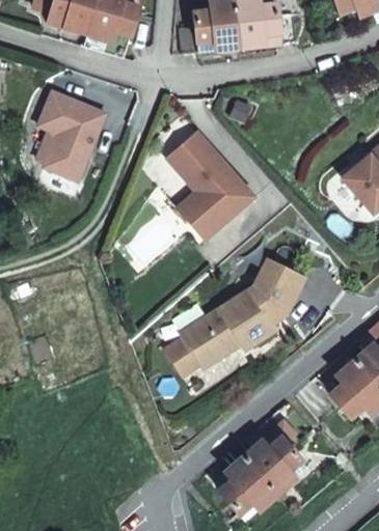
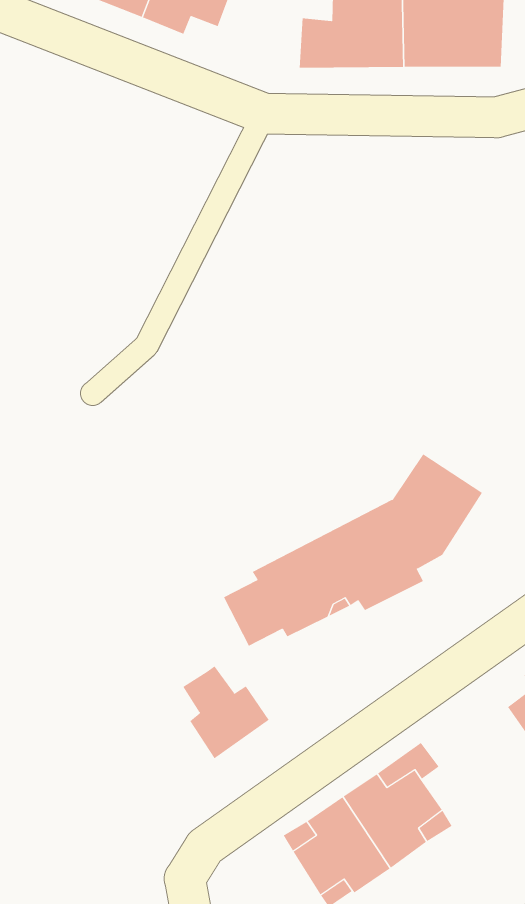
building: [38,90,105,179] -> none
building: [167,131,253,239] -> none
building: none -> [183,665,270,759]

